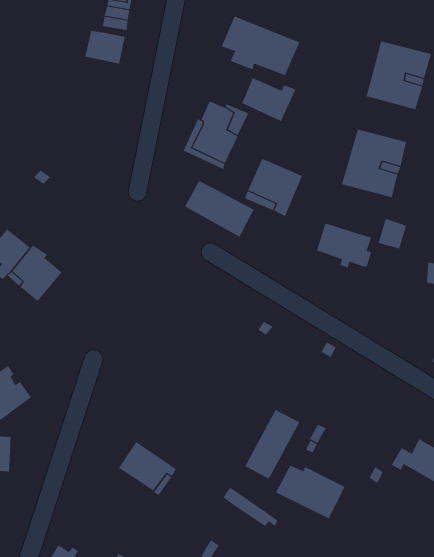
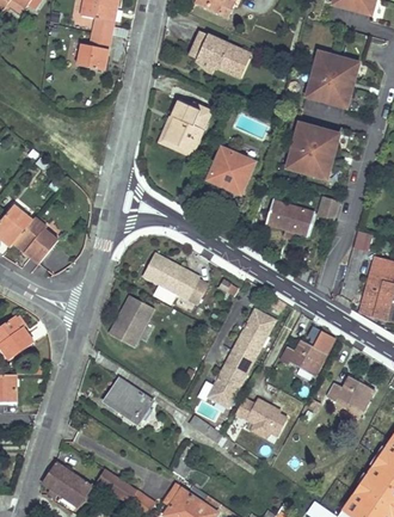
building: [241,77,296,122] -> none
building: [184,180,254,237] -> [142,253,199,300]
building: none -> [109,295,153,346]
building: none -> [232,310,273,362]
building: none -> [278,339,326,375]

